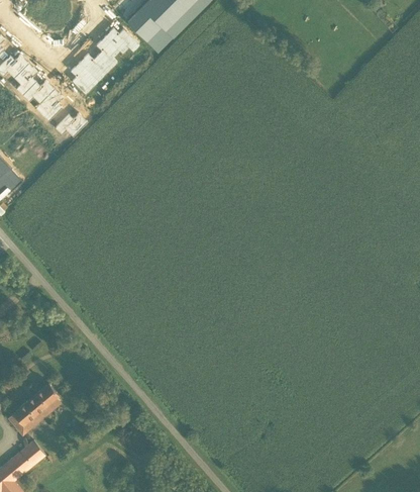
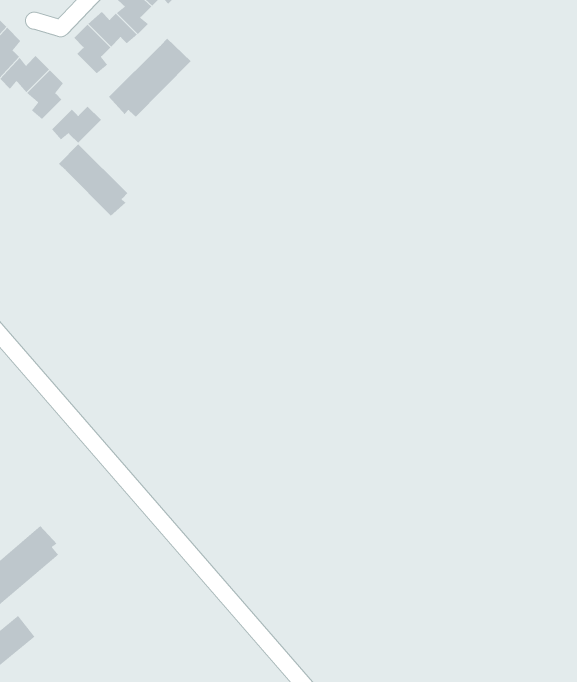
building: none -> [108,38,191,117]
building: none -> [58,144,128,217]

